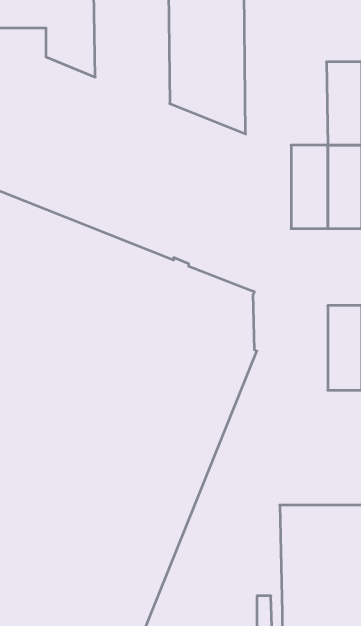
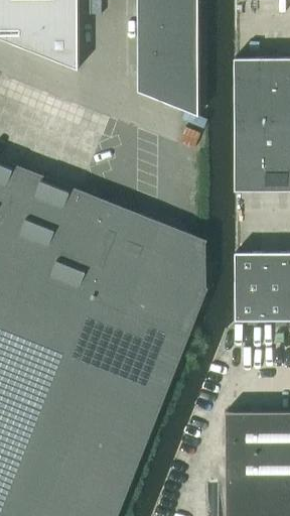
building: none -> [234,58,263,125]
building: none -> [235,253,263,321]

